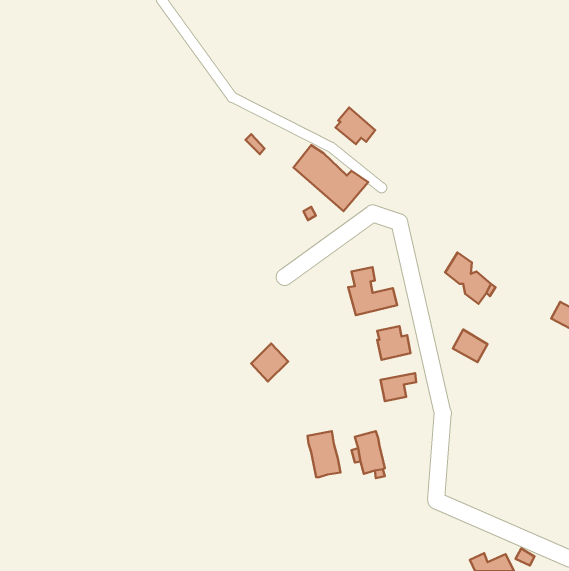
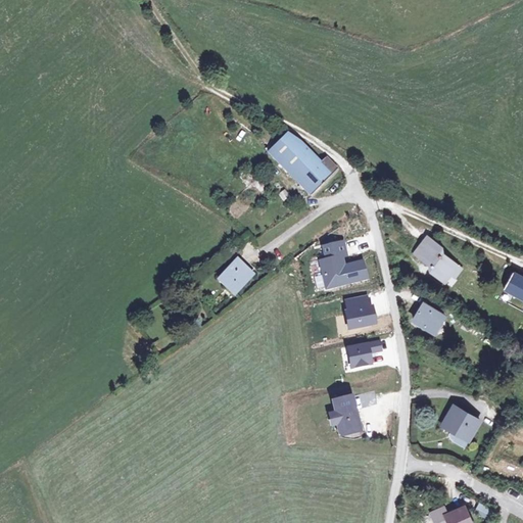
building: [335,108,375,144] -> none
building: [251,343,288,381] -> [215,259,248,294]
building: [308,431,341,477] -> none
building: none -> [441,406,478,439]

